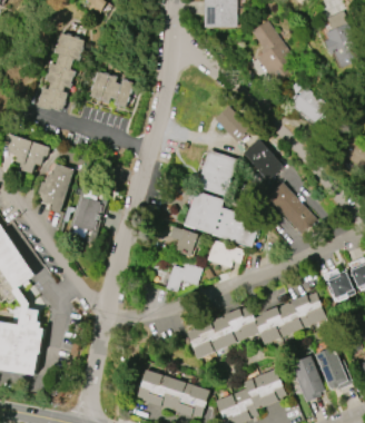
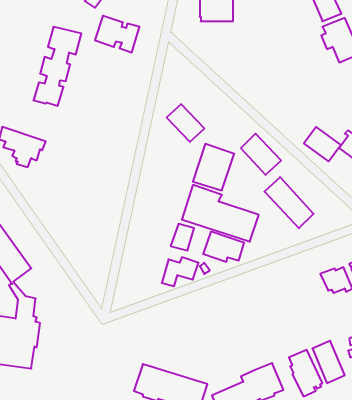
building: [246,21,293,82] -> none
building: [89,71,134,108] -> [95,16,140,53]
building: [290,88,327,122] -> [304,127,341,161]
building: [215,106,253,144] -> [167,104,204,142]
building: [37,164,73,213] -> none
building: [67,181,109,245] -> none
building: [186,292,327,360] -> none

